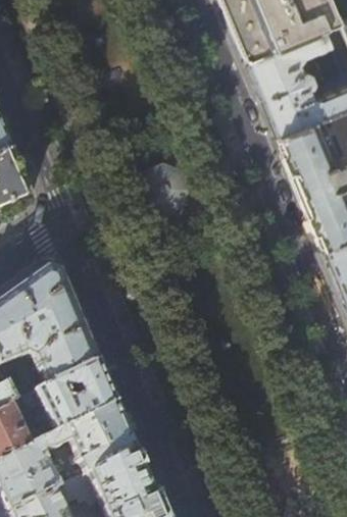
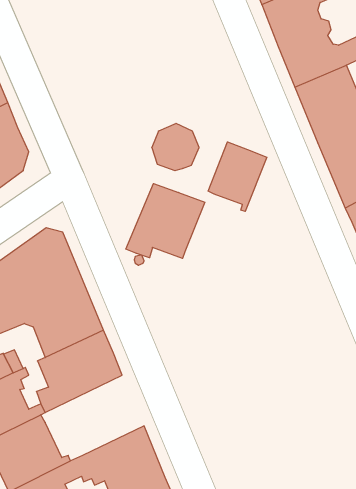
building: none -> [208,142,267,211]
building: none -> [126,184,205,258]
building: [41,401,137,475] -> none

